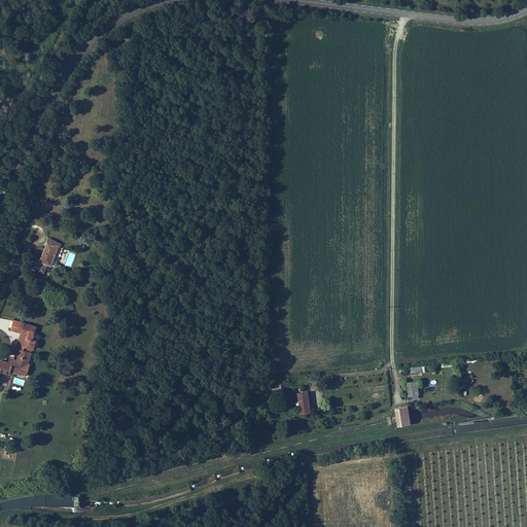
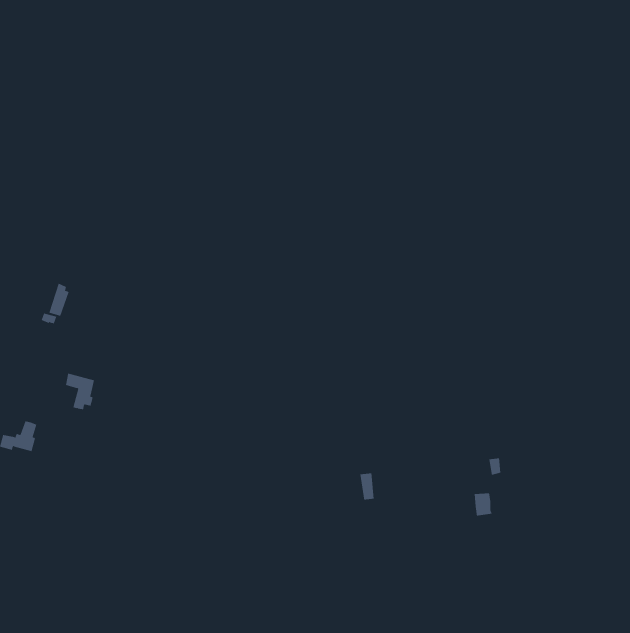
building: [10,320,35,351] -> [65,373,95,410]

